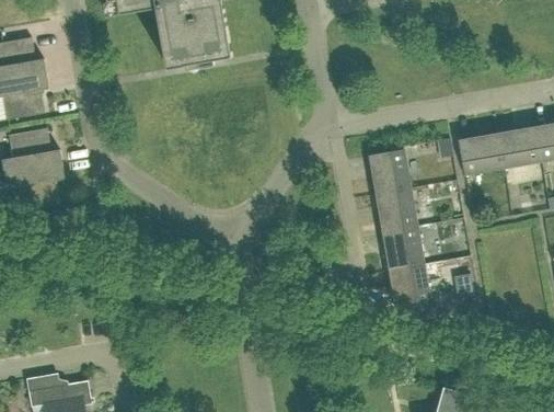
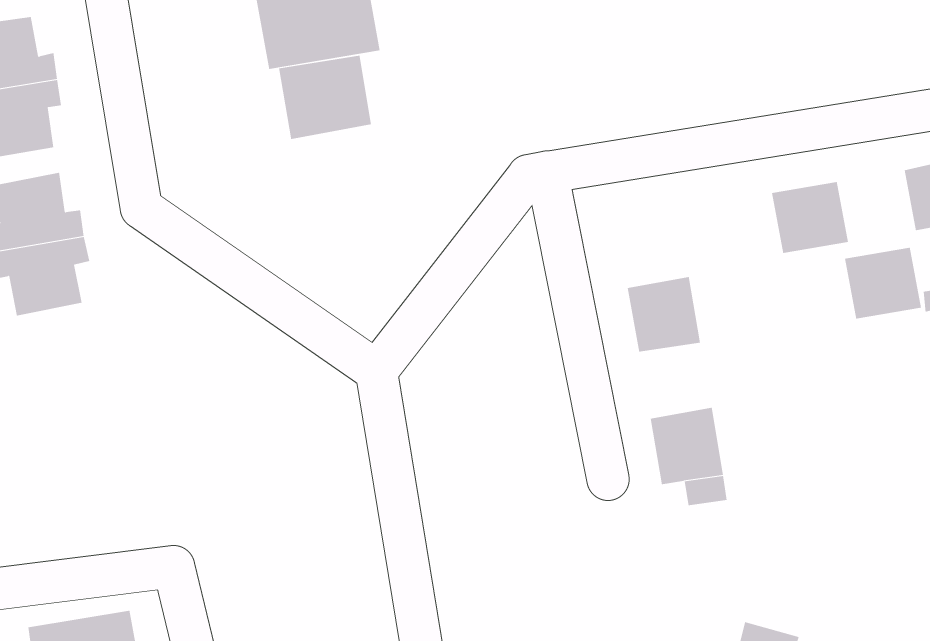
building: none -> [279,55,371,140]
building: [496,125,541,167] -> [844,247,922,319]
building: [368,148,411,193] -> none
building: [381,225,424,268] -> none

